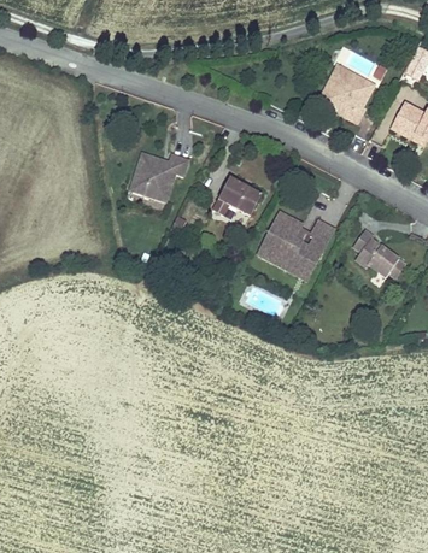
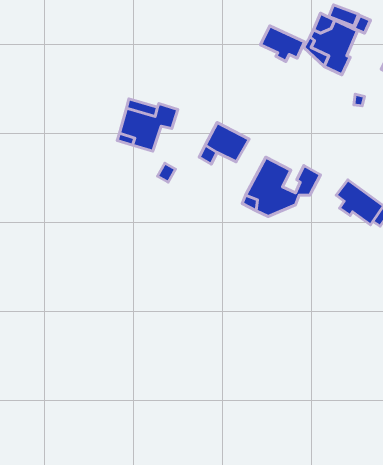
building: none -> [261,26,304,61]
building: [282,247,324,281] -> none

